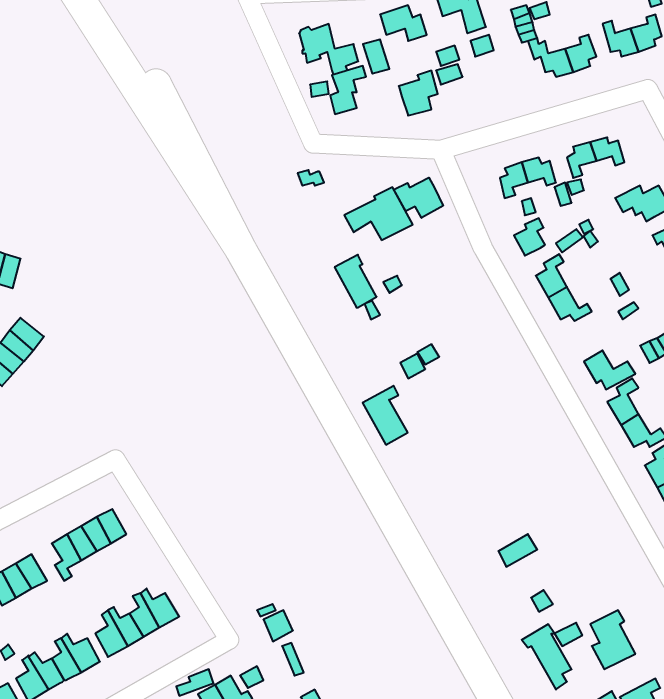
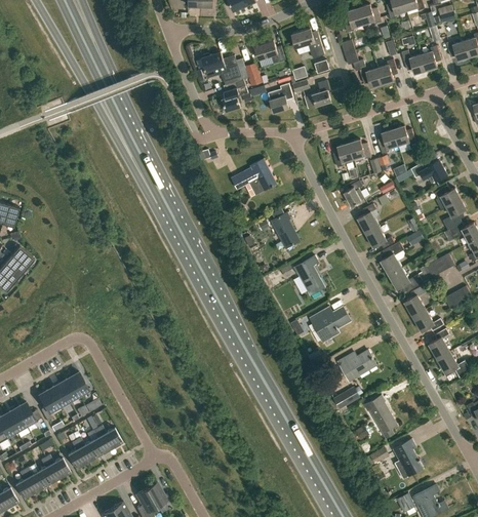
building: none -> [305,81,331,109]
building: [394,178,443,218] -> none
building: [335,255,377,308] -> [271,213,298,248]
building: none -> [381,241,403,275]
building: [363,386,408,445] -> [294,256,324,295]
building: none -> [310,307,350,342]
building: none -> [337,350,376,381]
building: [522,624,572,690] -> [363,395,396,438]

